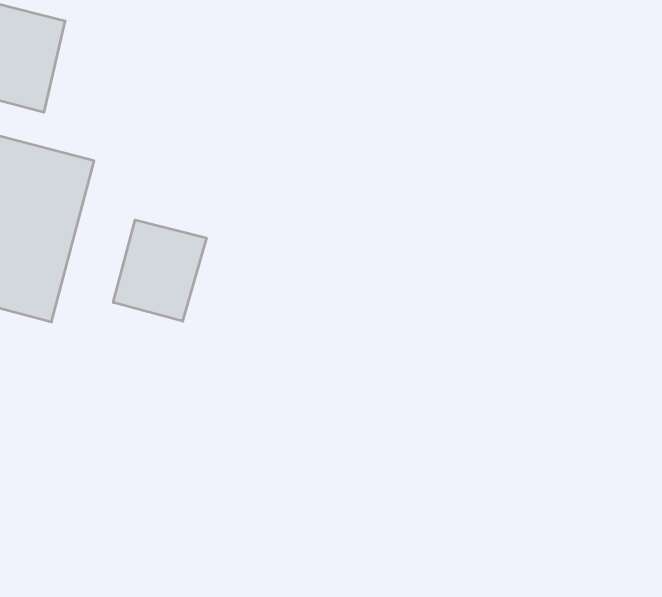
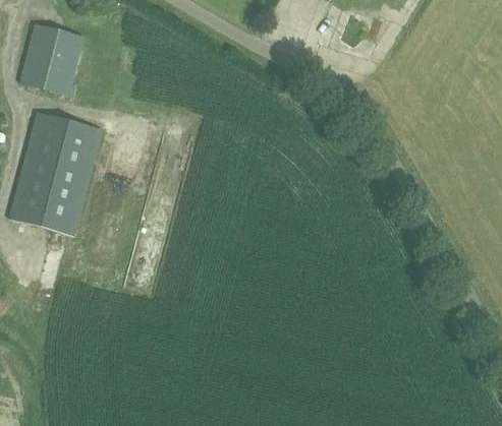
building: [113,220,206,321] -> none

